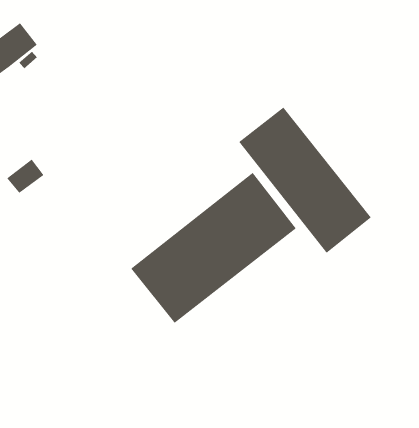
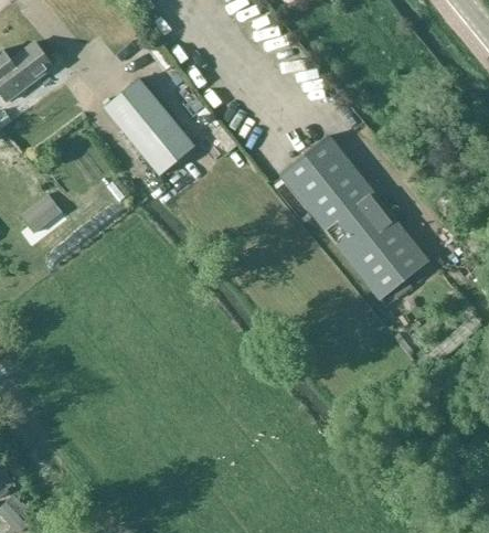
building: none -> [103,78,195,177]
building: [130,172,297,324] -> none

